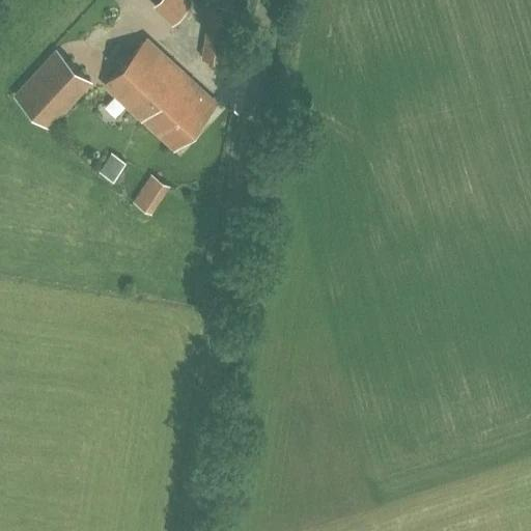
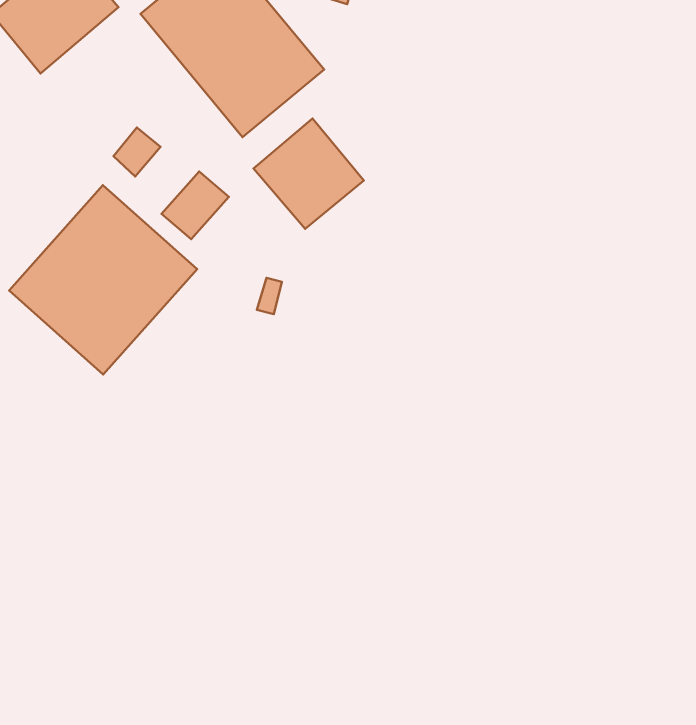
building: none -> [254,119,364,229]
building: none -> [9,185,197,374]

